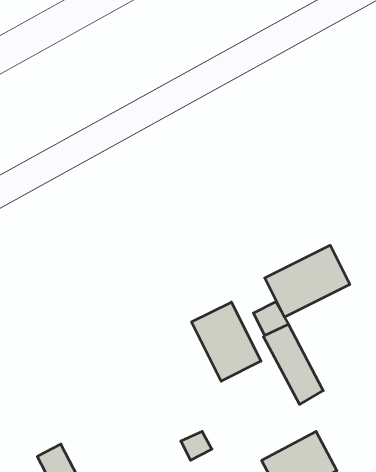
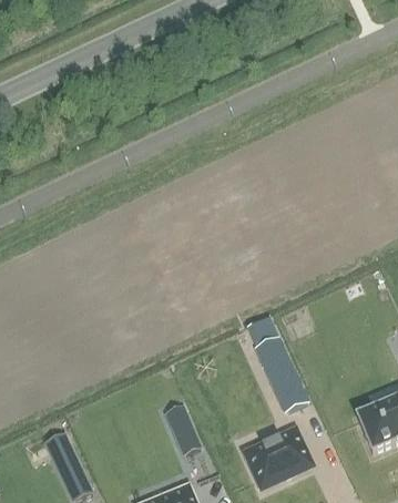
building: [265,245,350,317] -> none
building: [192,302,261,381] -> none

